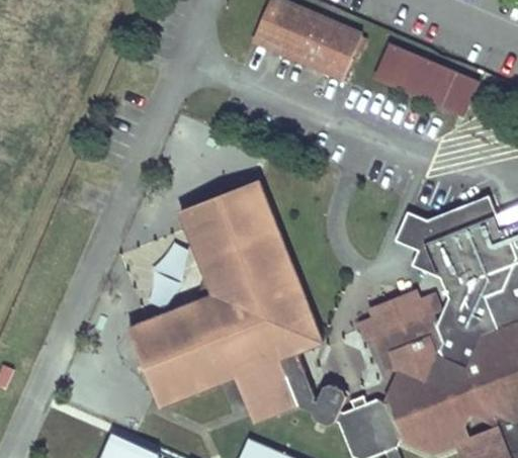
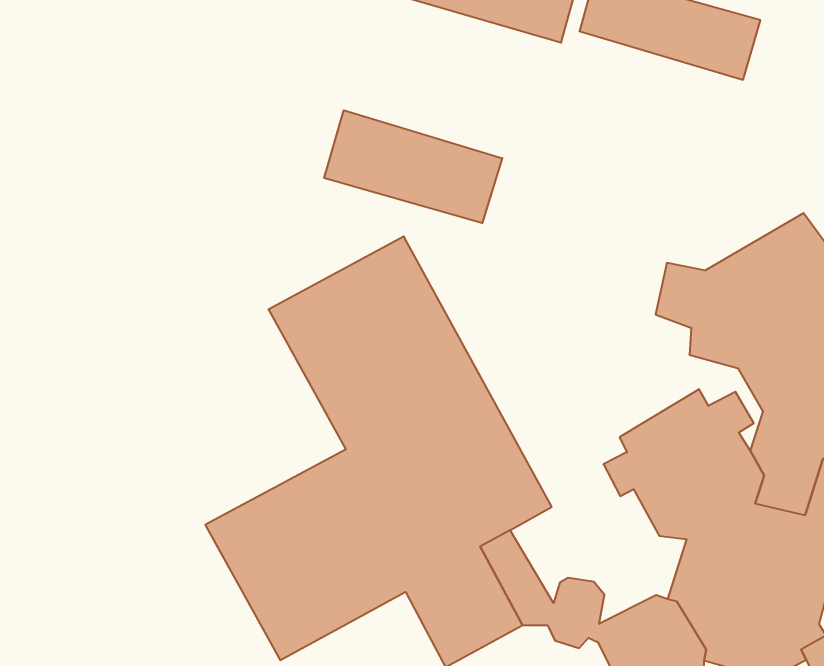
building: none -> [324,110,502,223]

